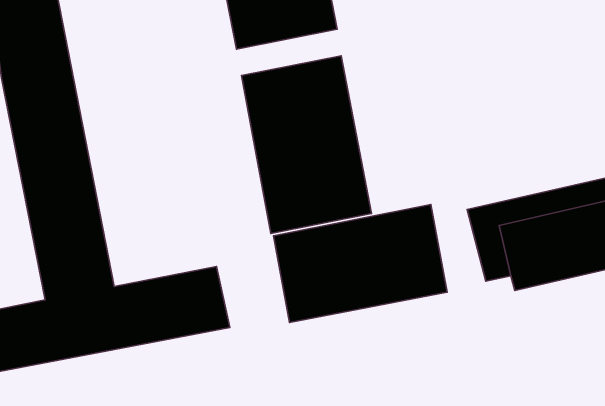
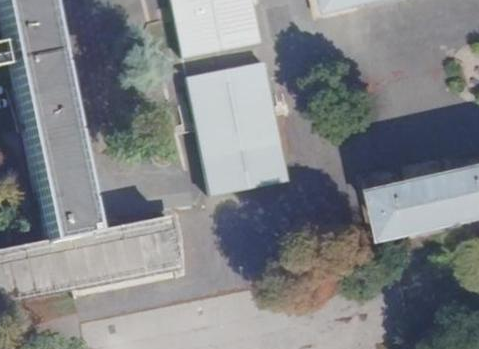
building: [273,204,447,323] -> none

